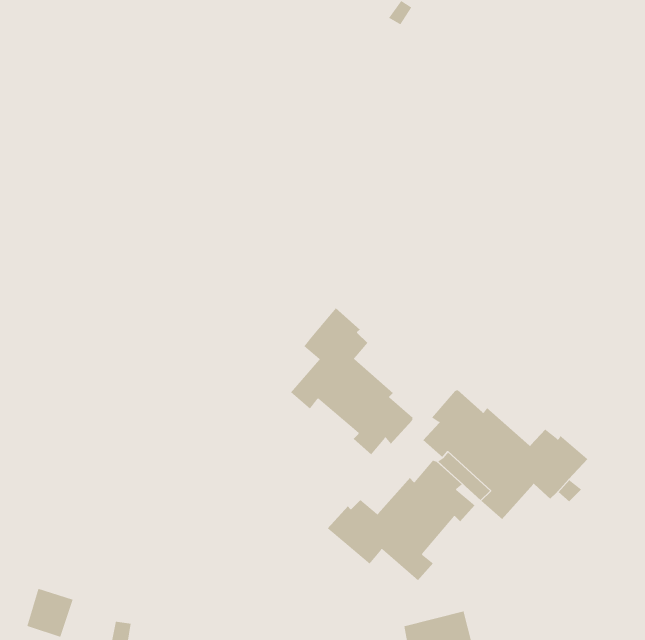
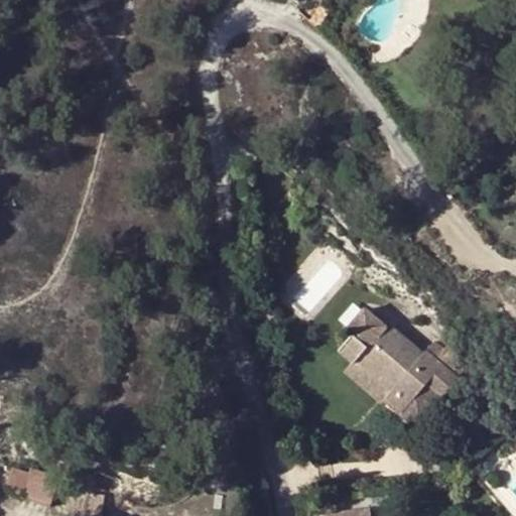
building: [290,307,413,455] -> none
building: [327,460,475,581] -> none

